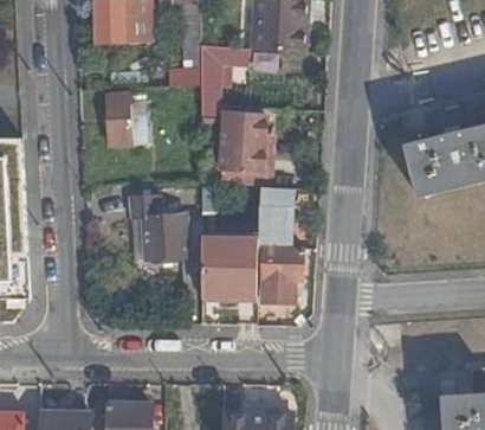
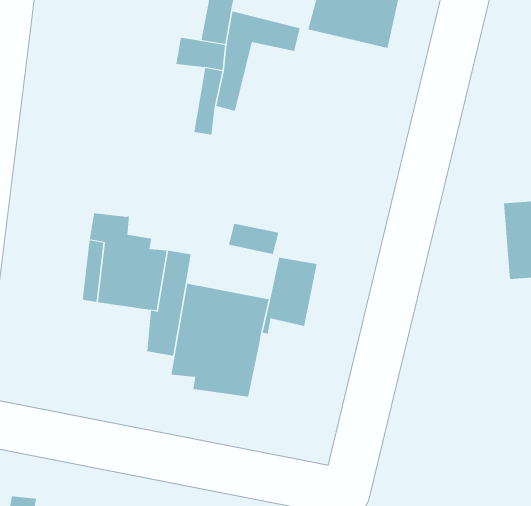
building: [106,94,142,146] -> none
building: [199,113,266,184] -> none
building: [257,249,302,306] -> none

